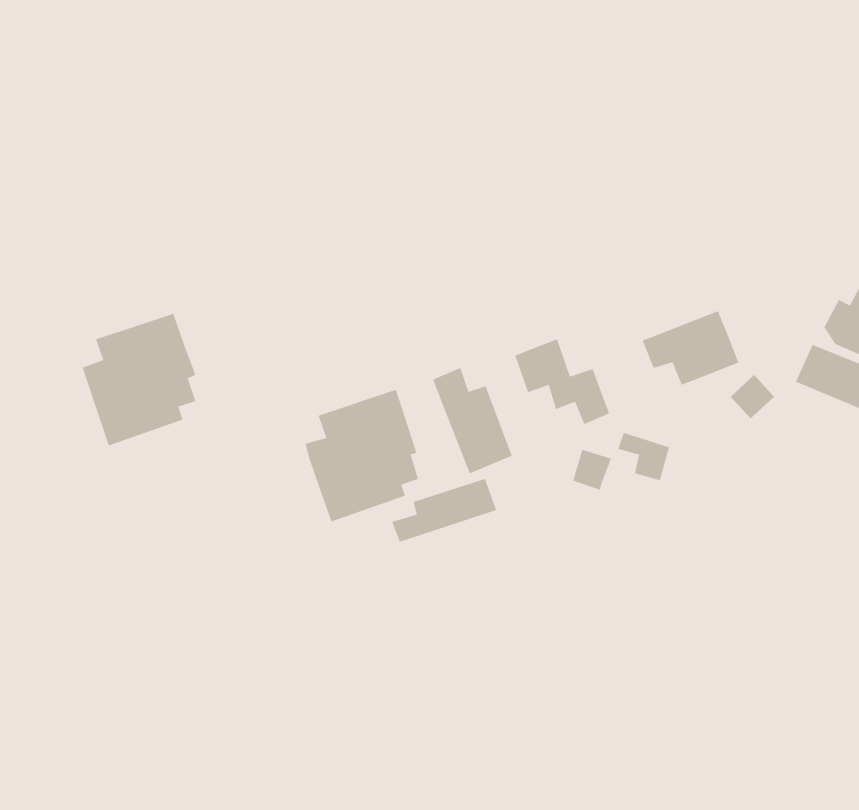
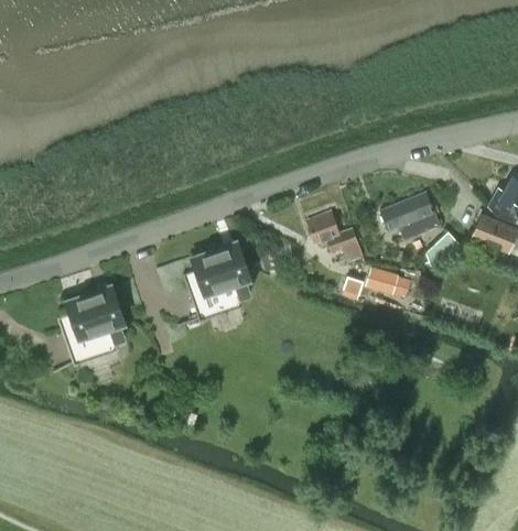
building: [82,313,196,446] -> [58,284,126,362]
building: [433,367,512,474] -> none
building: [392,478,497,542] -> none

